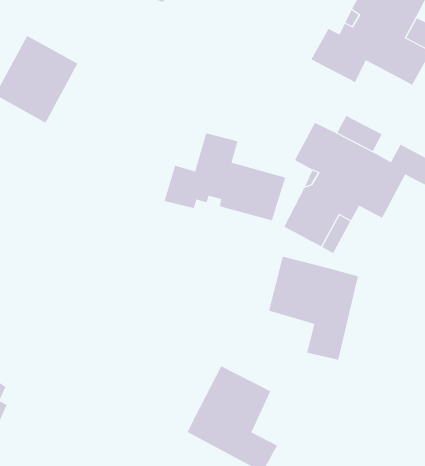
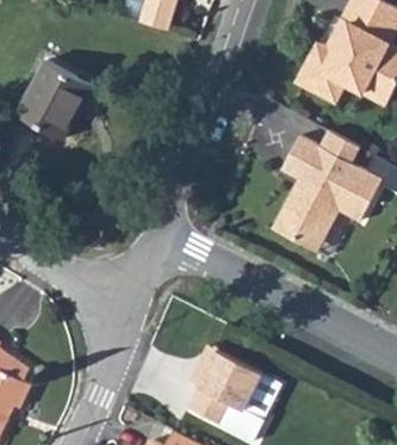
building: [164,133,286,221] -> none
building: [268,256,359,361] -> none

